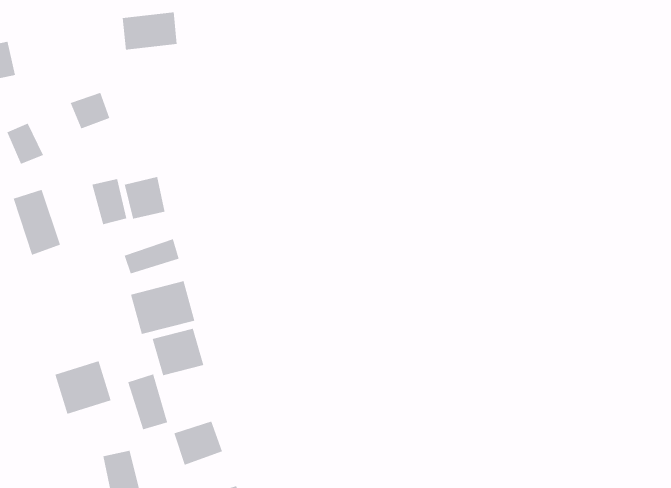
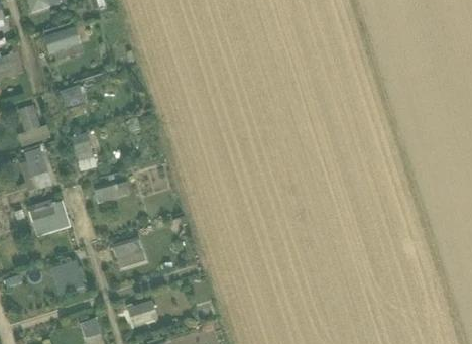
building: [122,12,178,50] -> [42,28,79,53]
building: [124,176,165,219] -> none
building: [130,281,195,335] -> [27,200,70,235]
building: [127,374,168,430] -> none

